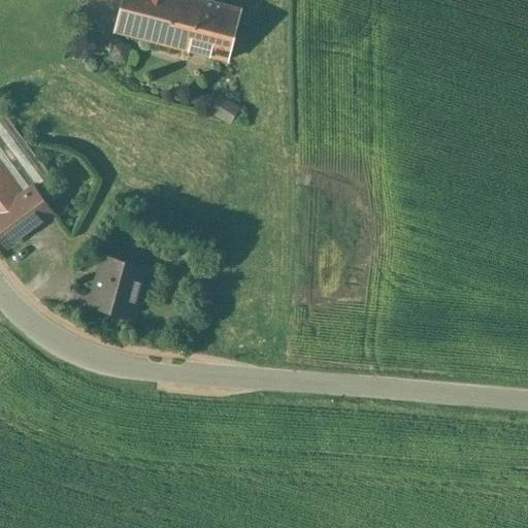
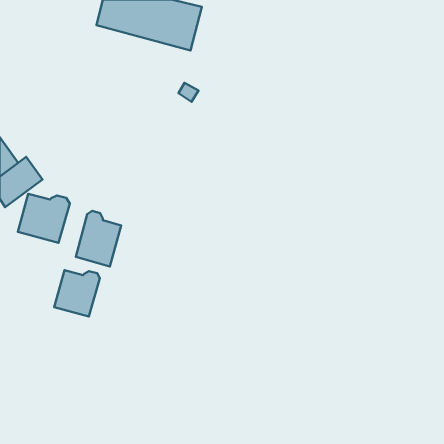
building: none -> [18,194,70,243]
building: none -> [54,270,100,317]

